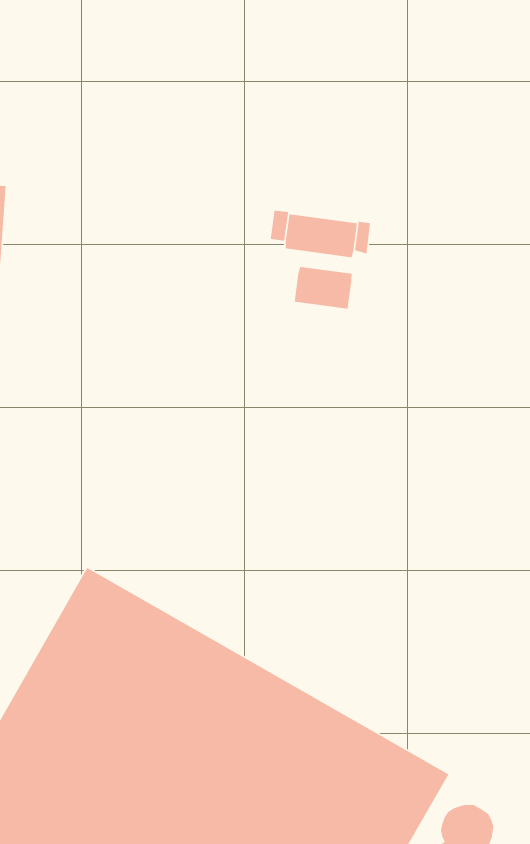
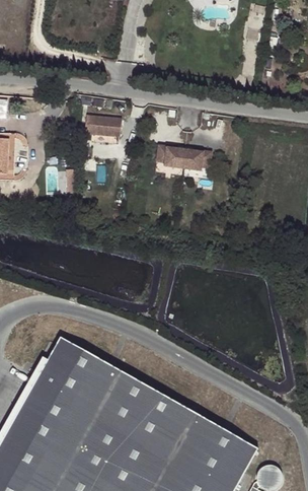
building: none -> [91,114,126,134]
building: [294,266,352,309] -> none

